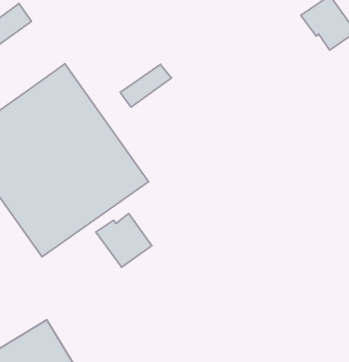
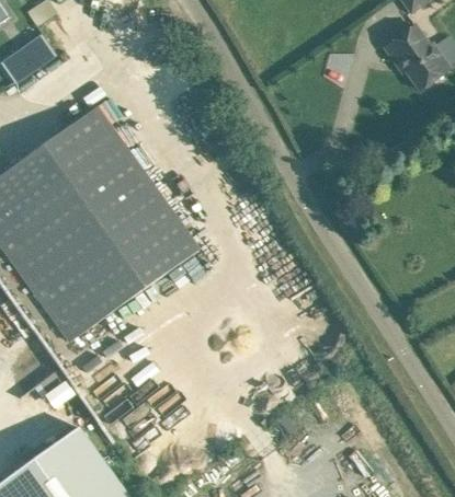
building: [120,64,171,107] -> none
building: [96,214,152,267] -> none

